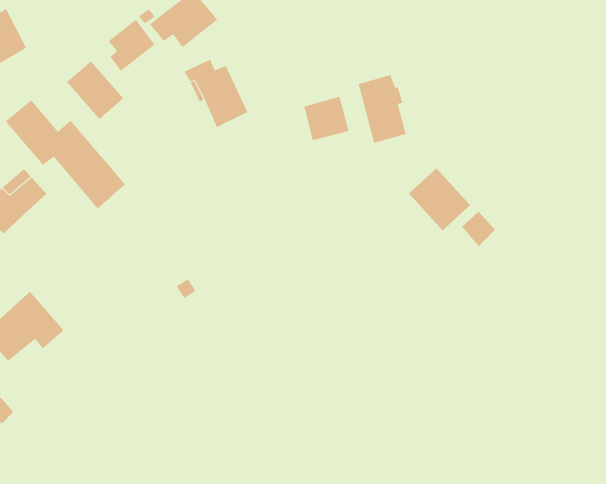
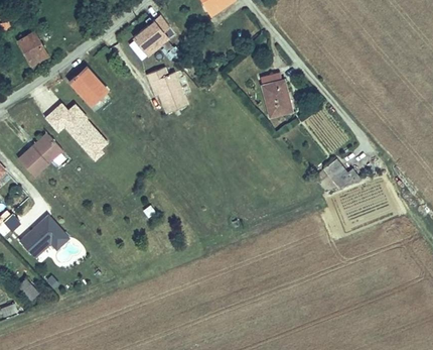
building: [108,19,155,72] -> none
building: [304,96,349,141] -> none
building: [408,168,471,231] -> none

